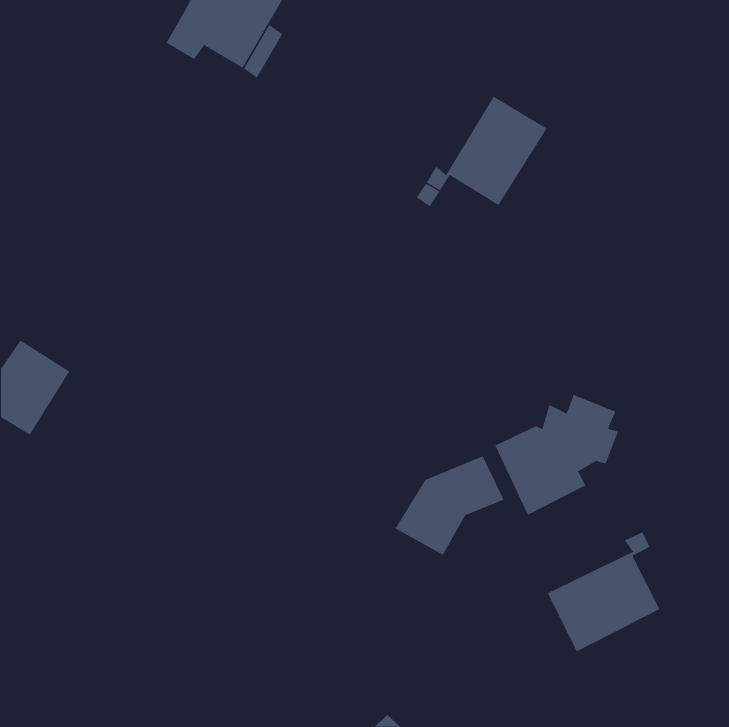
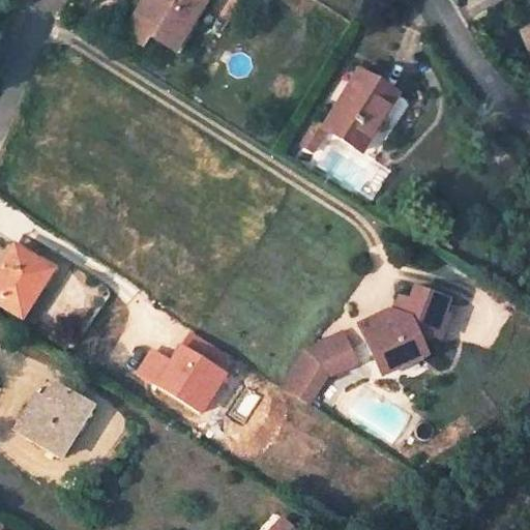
building: none -> [135,329,236,414]
building: none -> [17,380,91,453]
building: [547,532,660,652] -> none

